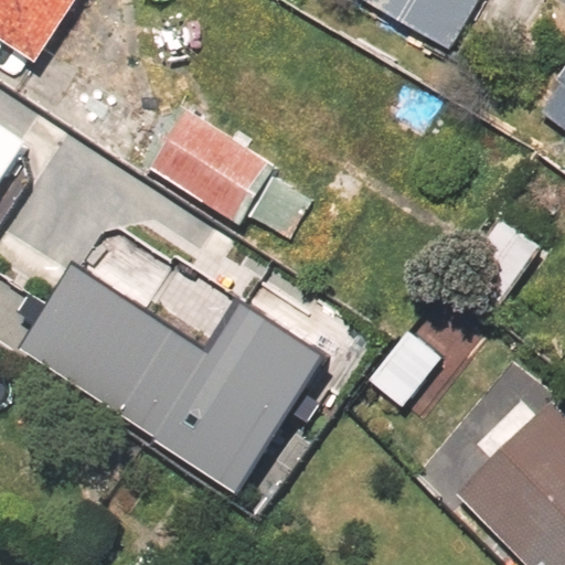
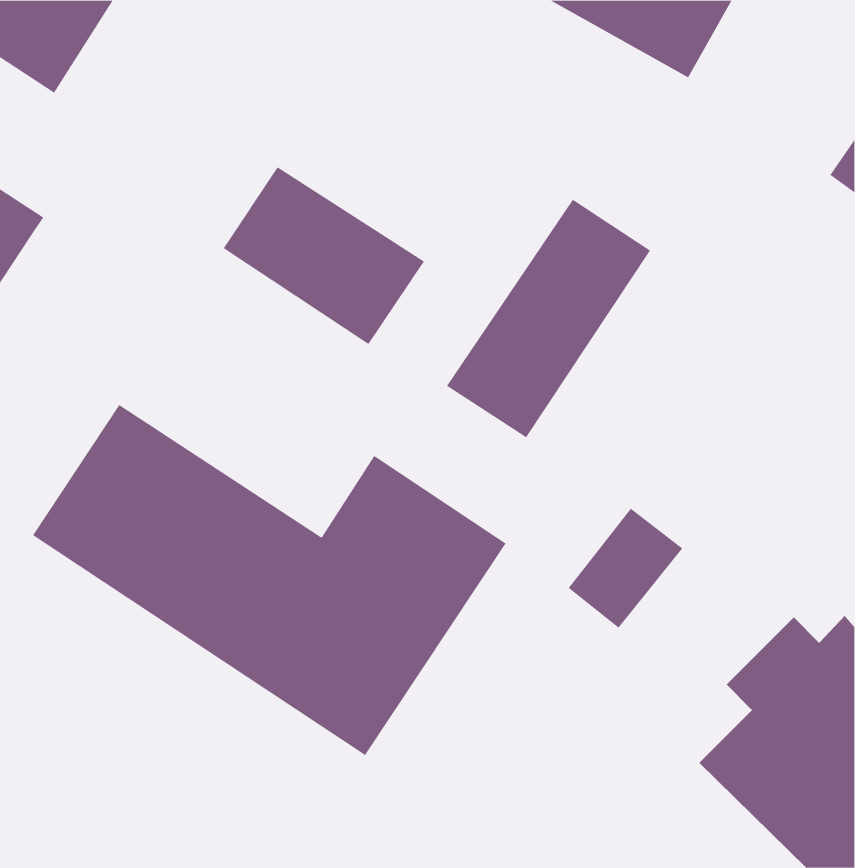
building: none -> [446,199,651,438]

